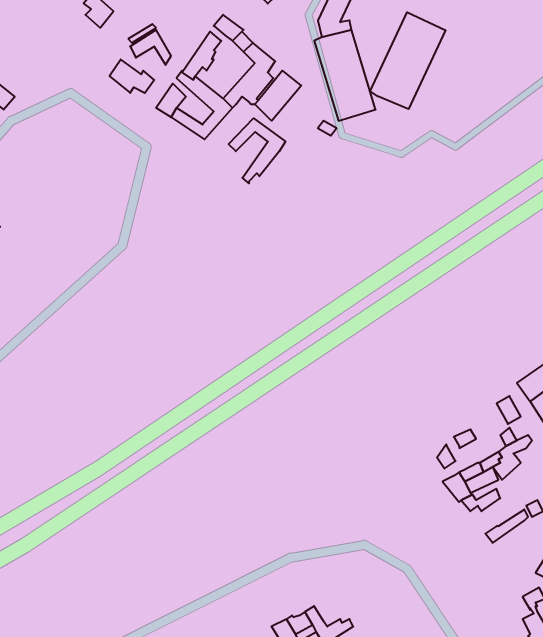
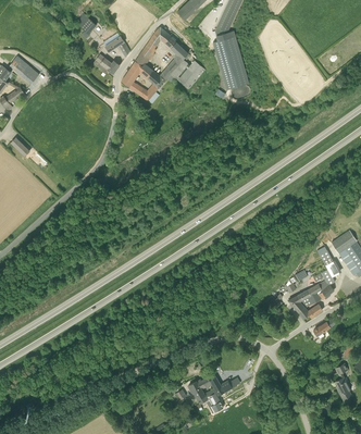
building: [370,12,445,109] -> none
building: [229,118,285,183] -> none

